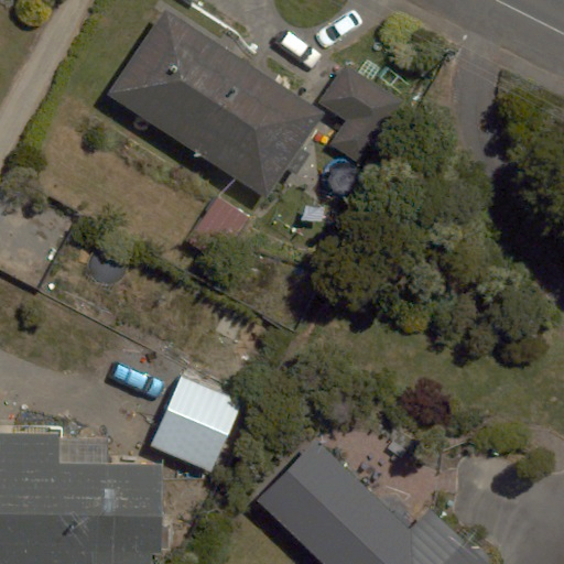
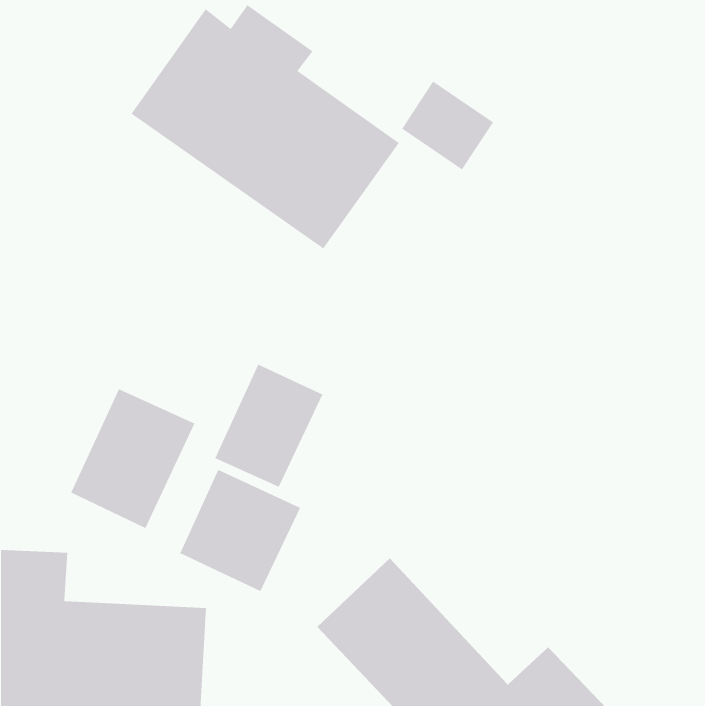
building: none -> [214,364,324,488]
building: none -> [70,388,195,529]

